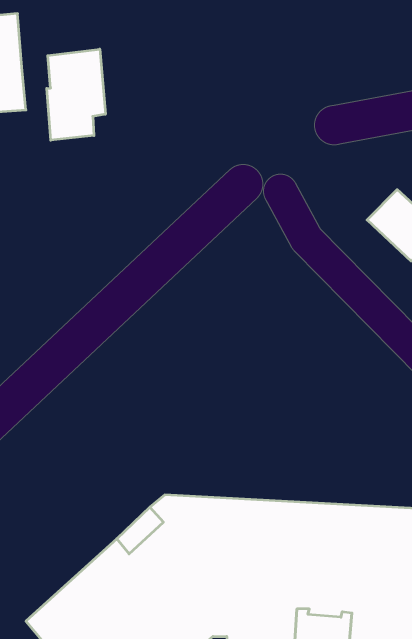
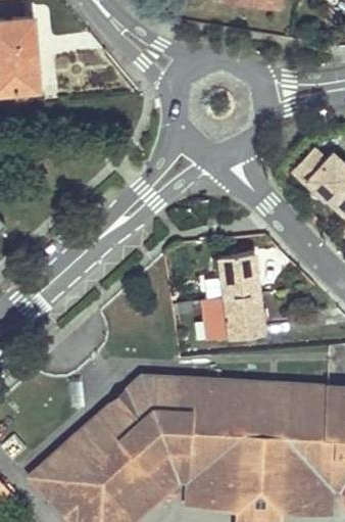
building: [47,49,105,140] -> none
building: none -> [201,252,263,339]

